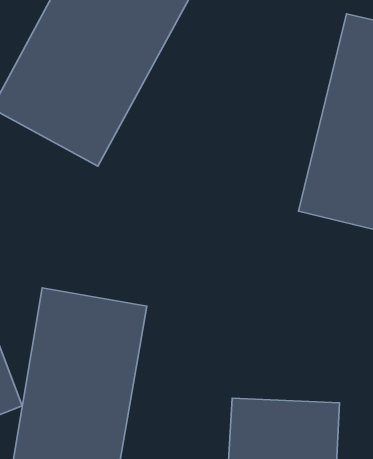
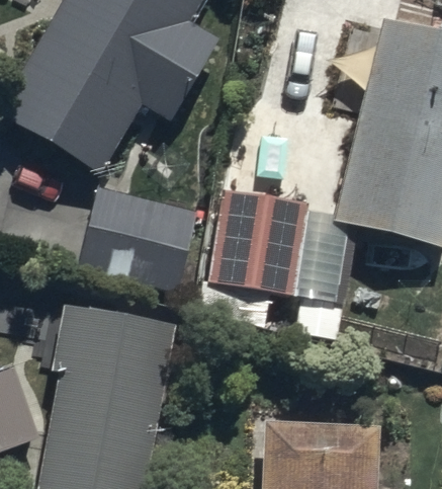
building: none -> [77,183,198,294]
building: none -> [207,184,310,322]

